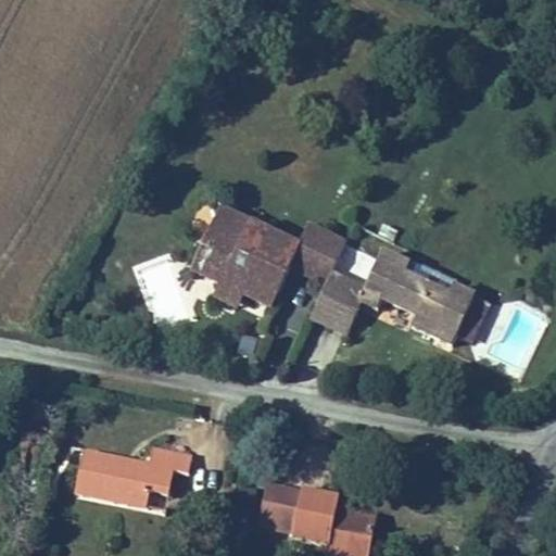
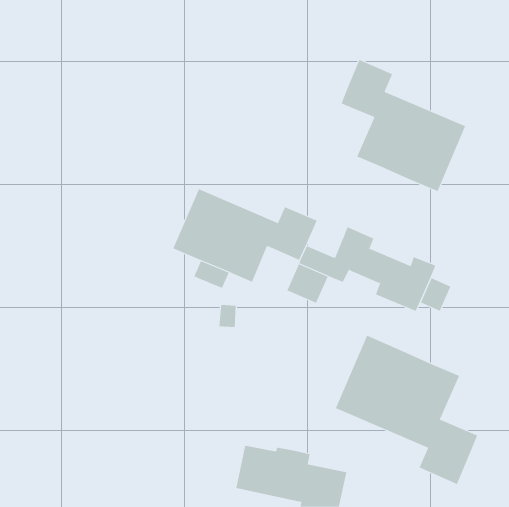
building: none -> [341,59,466,192]
building: none -> [335,335,478,485]
building: [74,445,191,507] -> none

